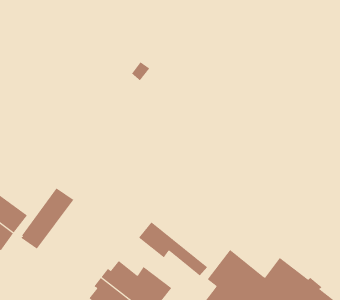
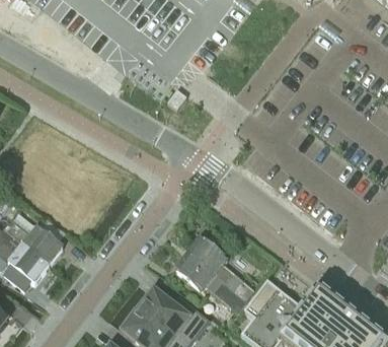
building: [20,188,74,250] -> none
building: none -> [188,234,254,297]

